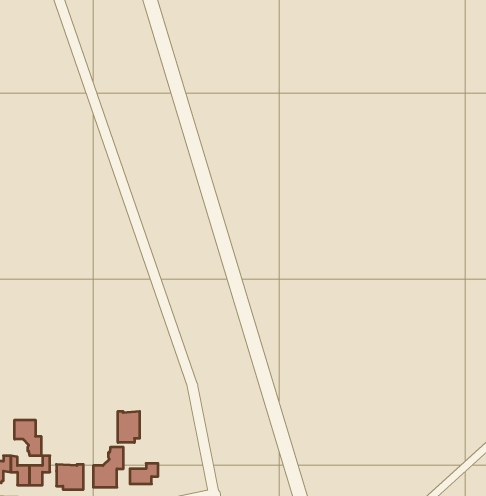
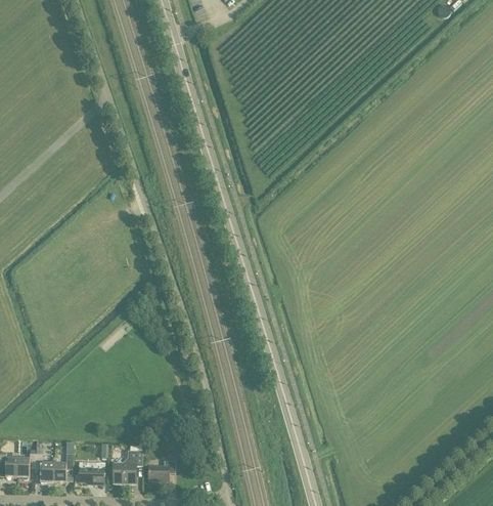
building: [118,411,140,443] -> none
building: [15,420,41,456] -> none

